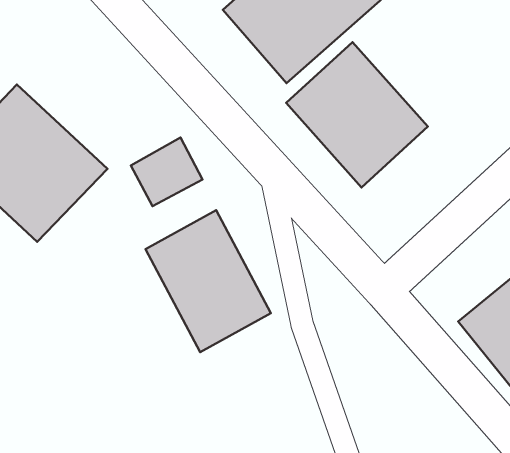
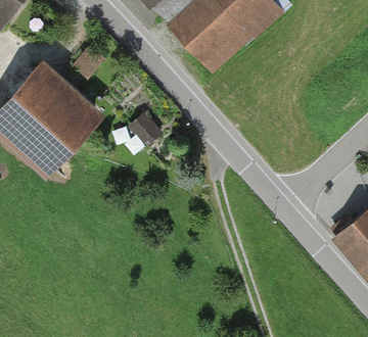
building: [286,42,428,187] -> none
building: [145,210,271,352] -> none

